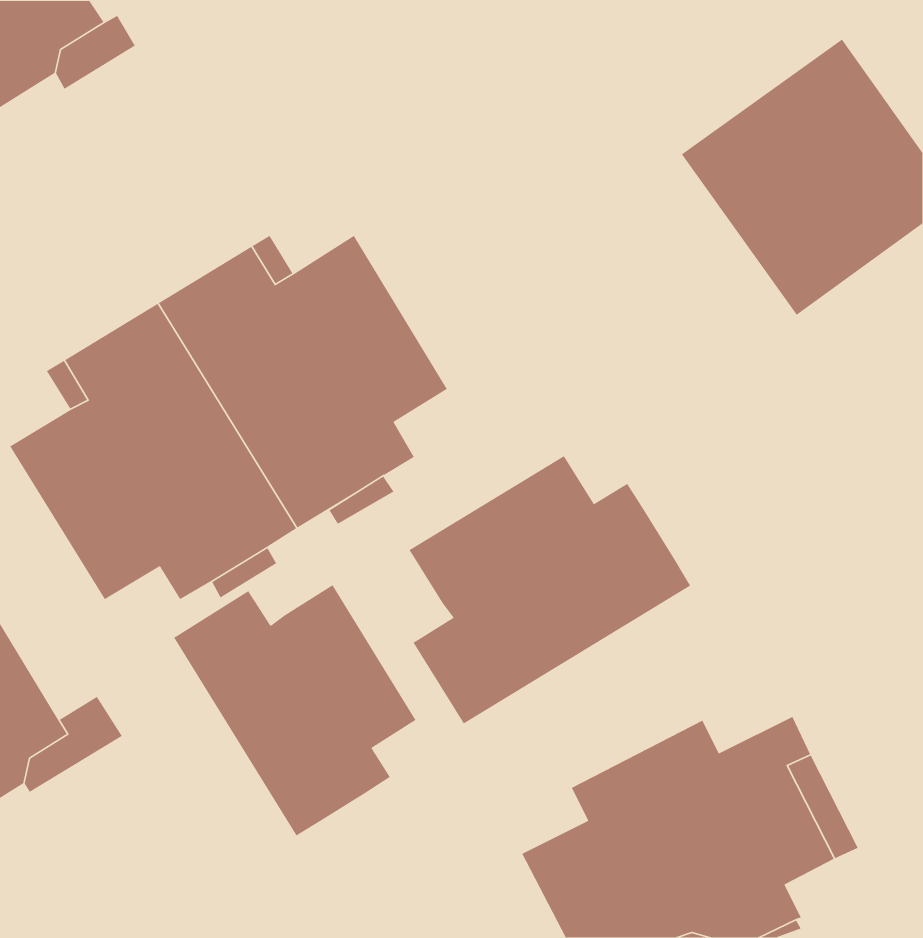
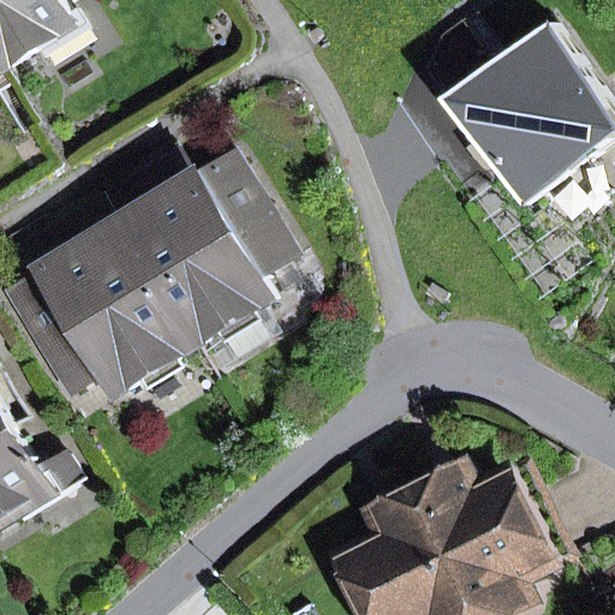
building: [408,455,691,725] -> none
building: [173,584,417,836] -> none

